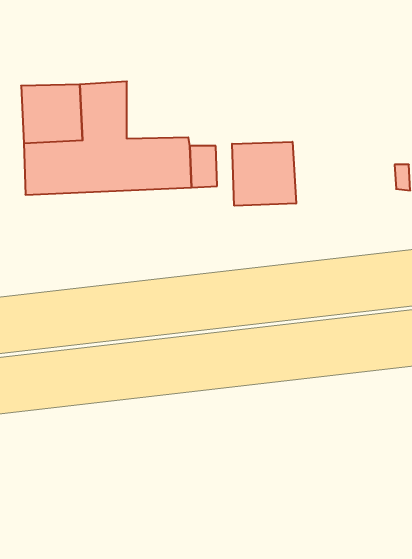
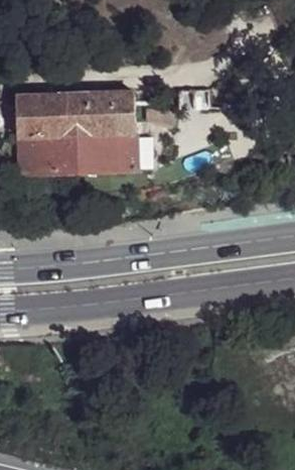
building: none -> [92,94,135,135]
building: [232,142,296,206] -> none

